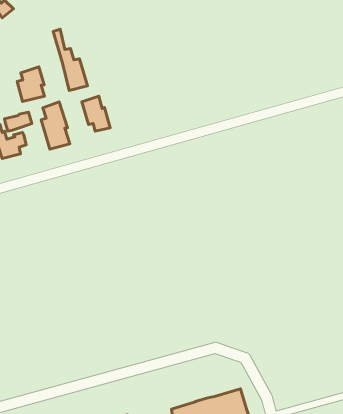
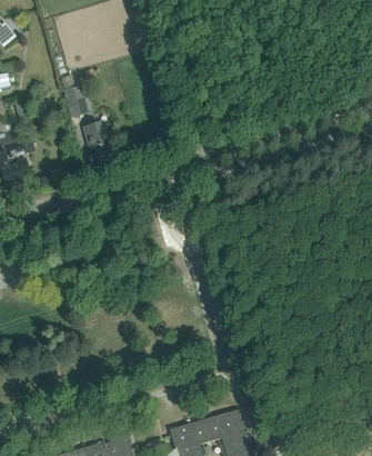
building: [17,67,44,101] -> none
building: [41,102,70,149] -> none

